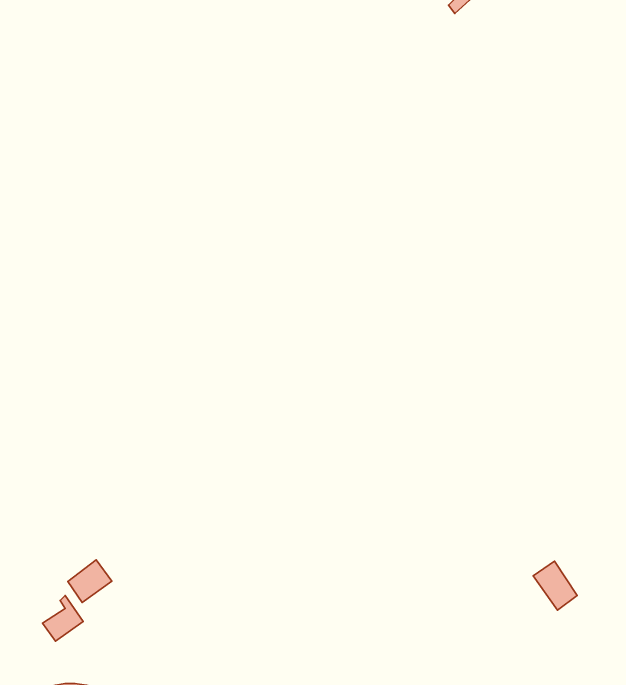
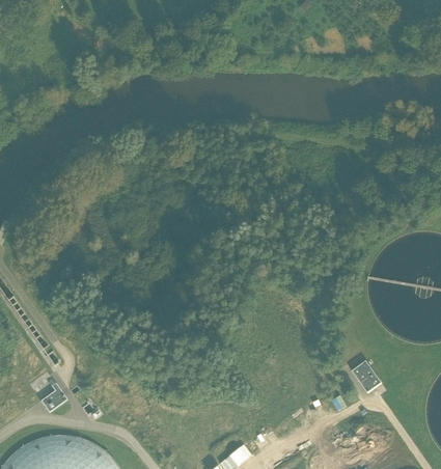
building: [68,560,112,602] -> none

